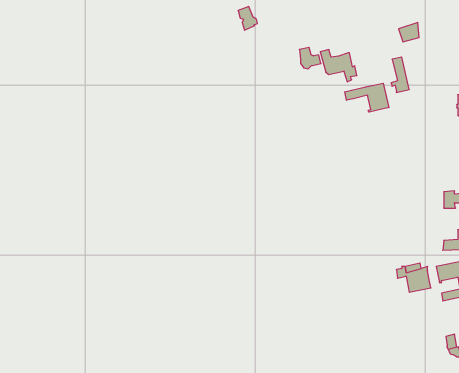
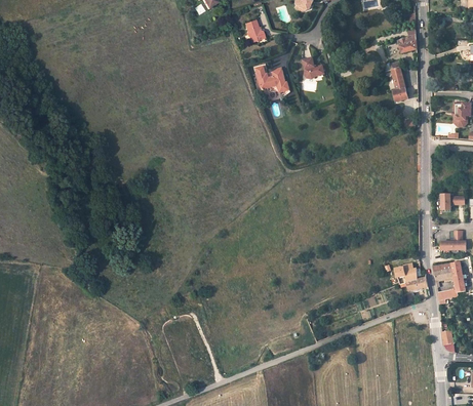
building: [320,50,357,82] -> [254,66,289,96]
building: [345,83,389,112] -> none

